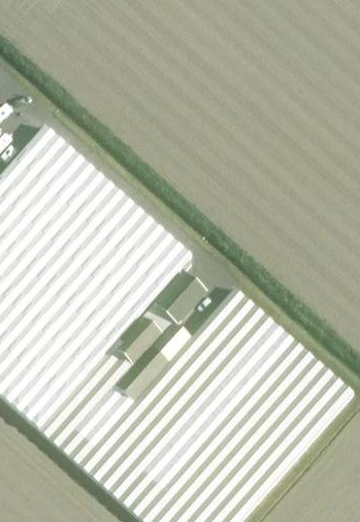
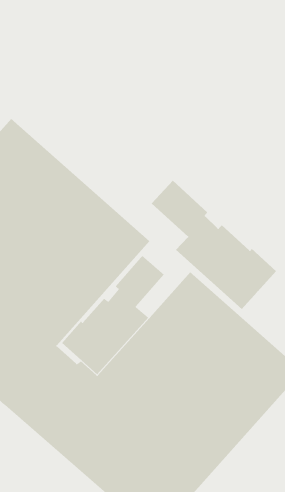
building: none -> [151,180,277,310]

